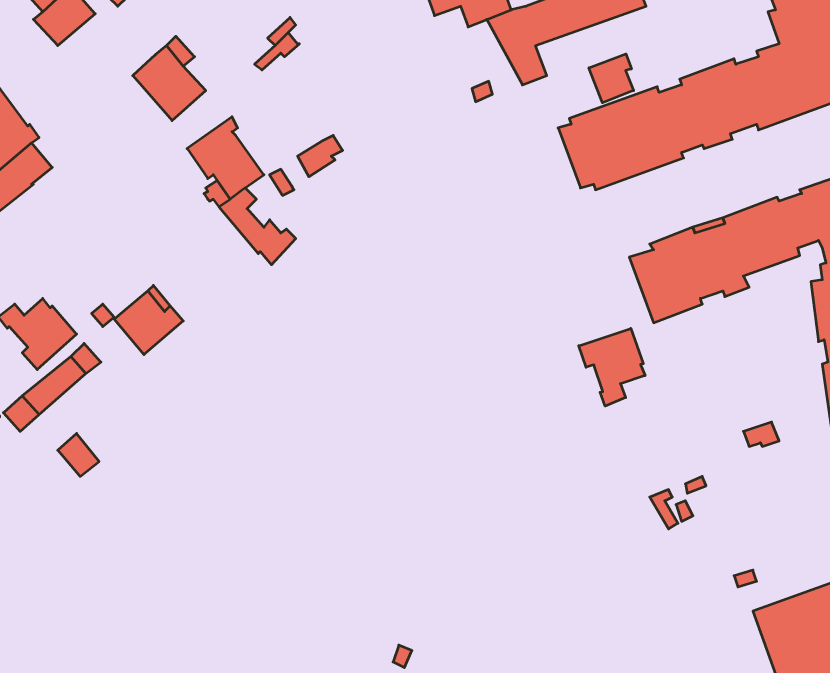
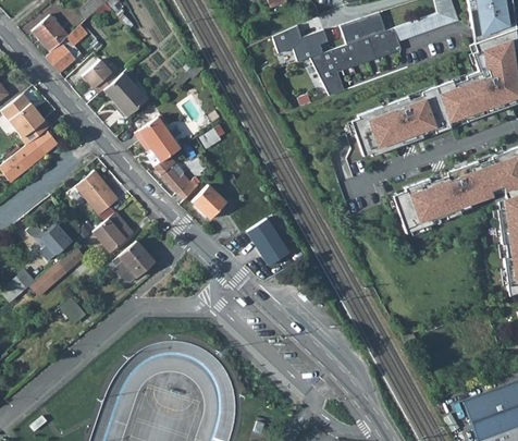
building: none -> [82,59,116,94]
building: [589,54,634,103] -> none
building: none -> [75,170,118,213]
building: none -> [192,184,226,218]
building: none -> [246,217,289,265]
building: [579,328,645,406] -> none
building: none -> [112,241,153,281]

